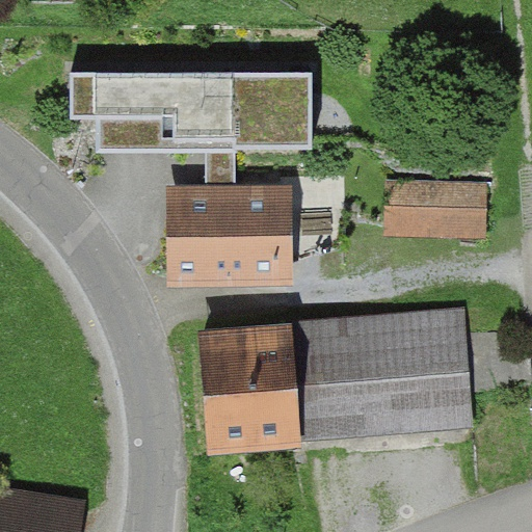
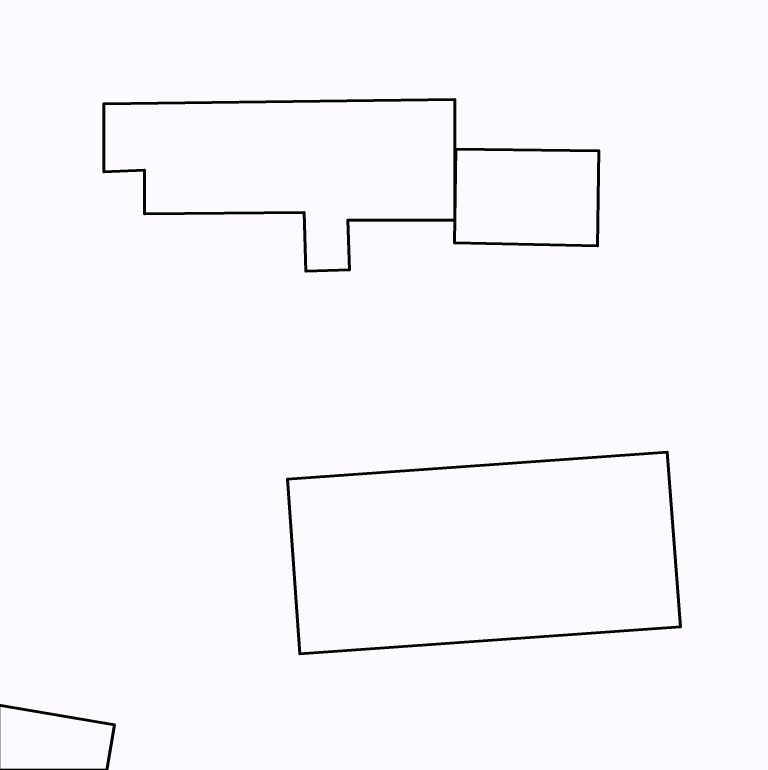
building: [385,177,485,243] -> [454,149,599,246]
building: [169,186,293,280] -> none

